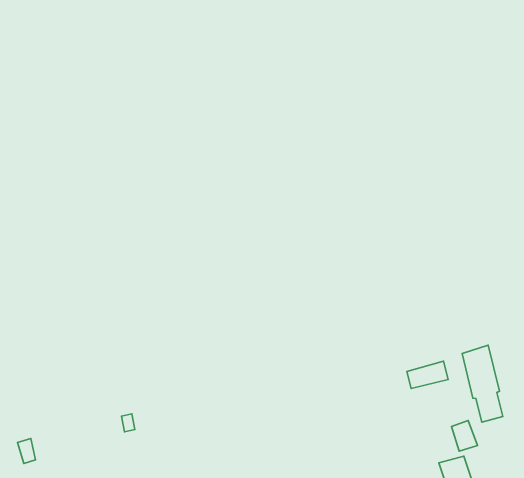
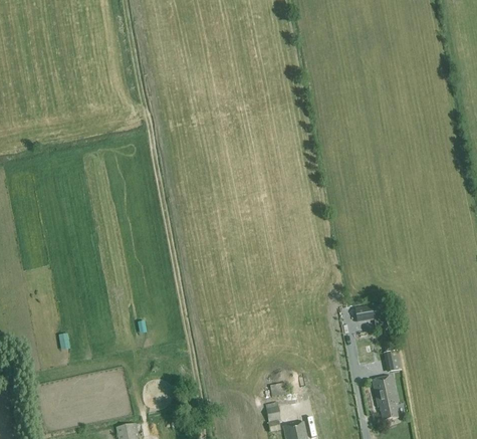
building: [462,345,503,422] -> none

